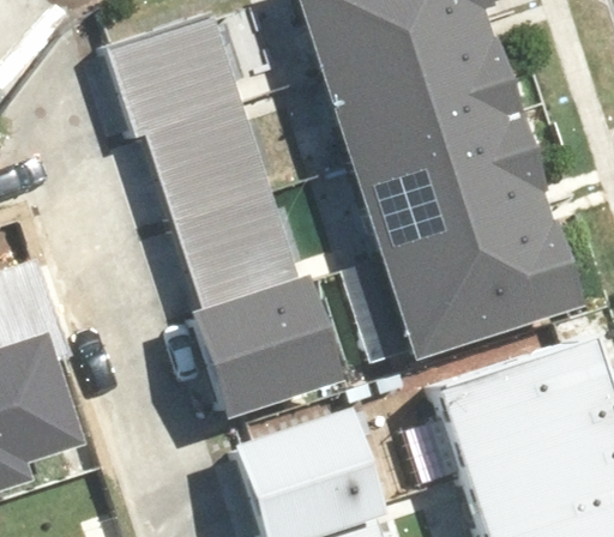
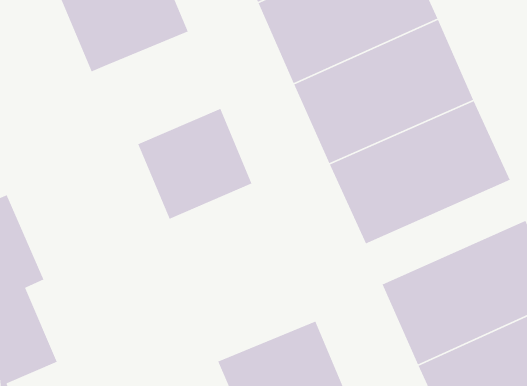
building: [152,99,272,215] -> none
building: [195,270,331,404] -> none

